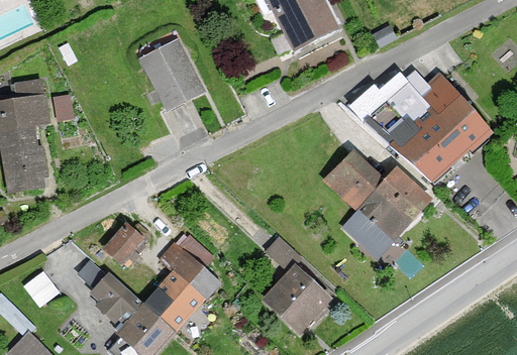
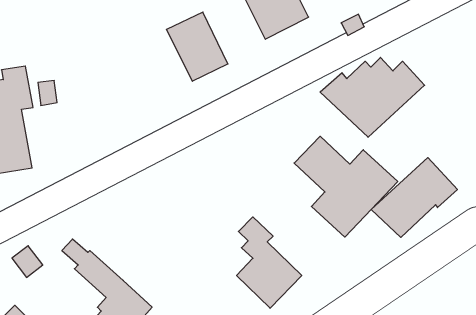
building: [139,38,204,111] -> [166,12,228,81]
building: [401,99,492,183] -> [371,158,457,237]
building: [103,223,143,264] -> none
building: [143,235,219,332] -> none

